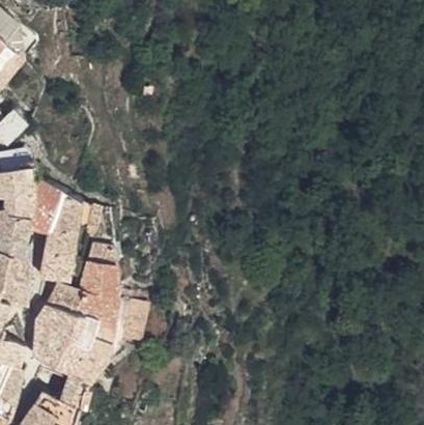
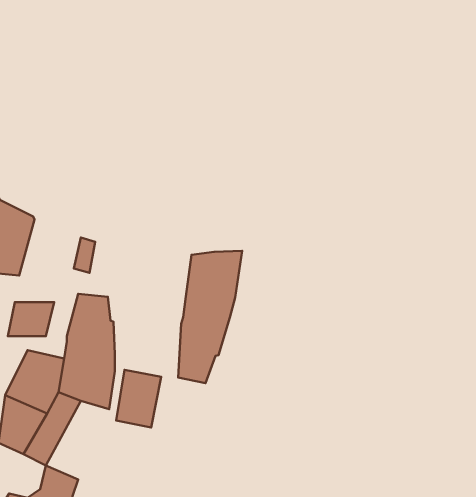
building: [44,192,83,253] -> none
building: none -> [178,251,242,383]
building: [66,325,113,384] -> none

